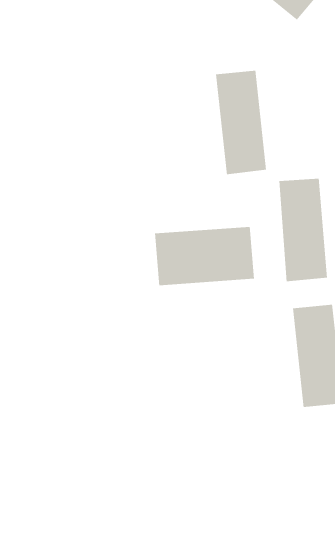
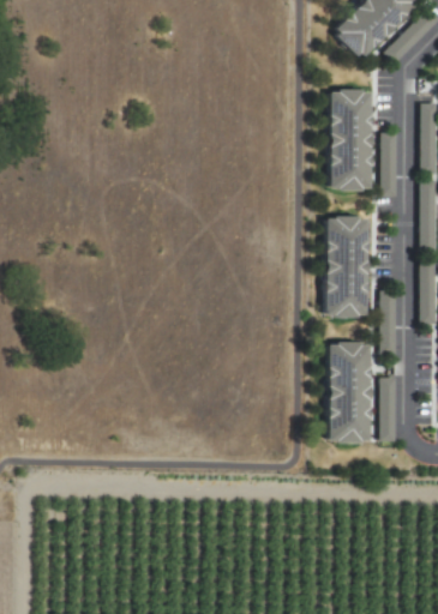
building: [215,70,267,175] -> [331,90,373,191]
building: [155,226,255,286] -> none

